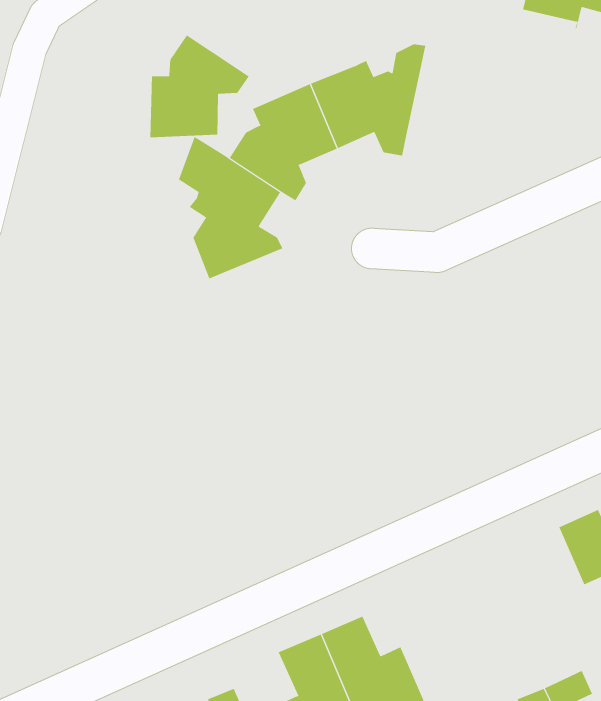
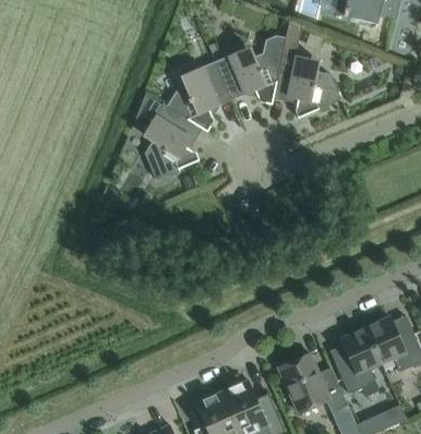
building: none -> [274,20,341,118]
building: [150,35,250,138] -> none
building: none -> [335,327,381,394]
building: none -> [278,352,348,413]

